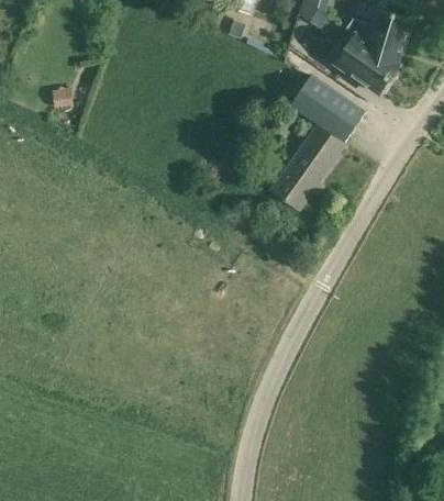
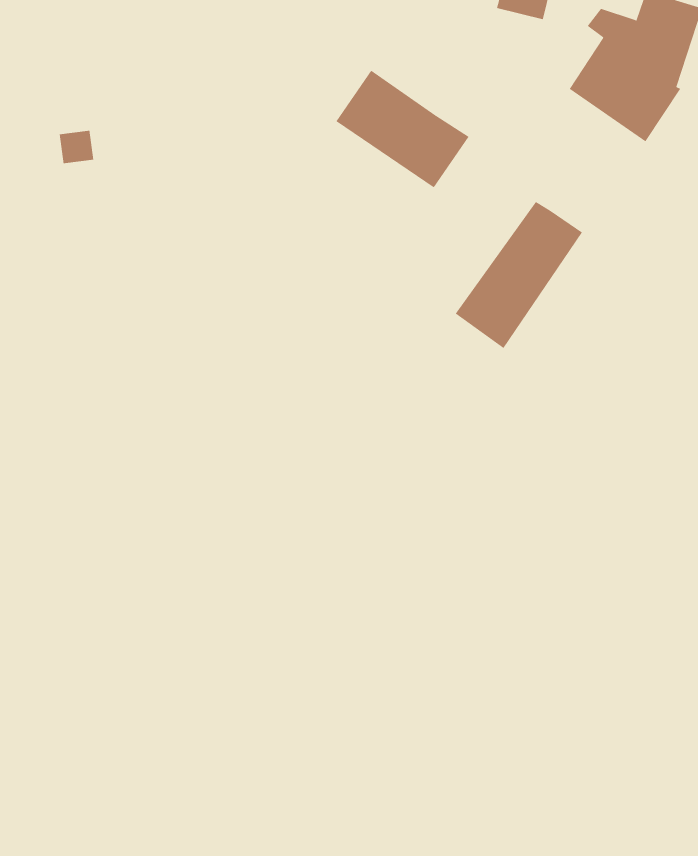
building: [291,75,366,141] -> [336,70,469,188]

